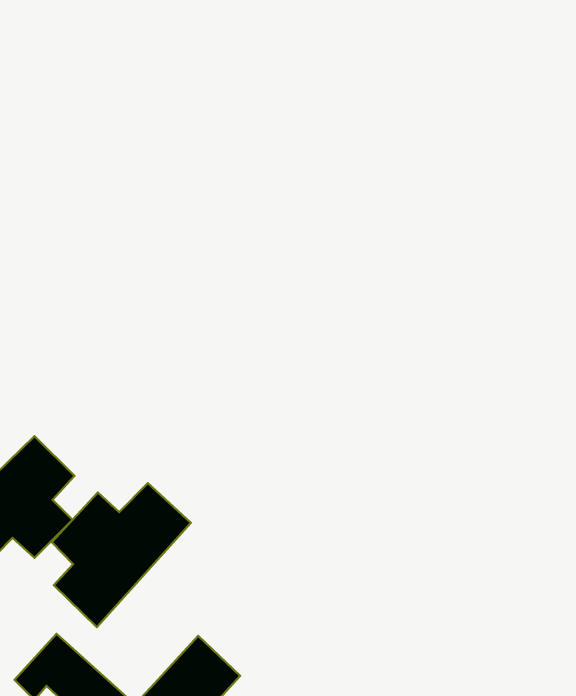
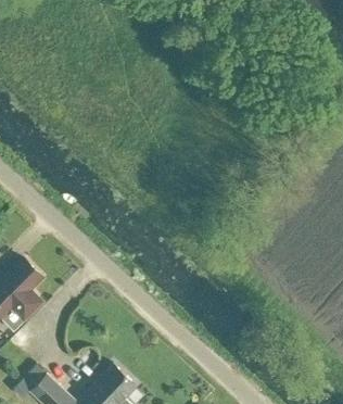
building: [52,483,191,627] -> none

